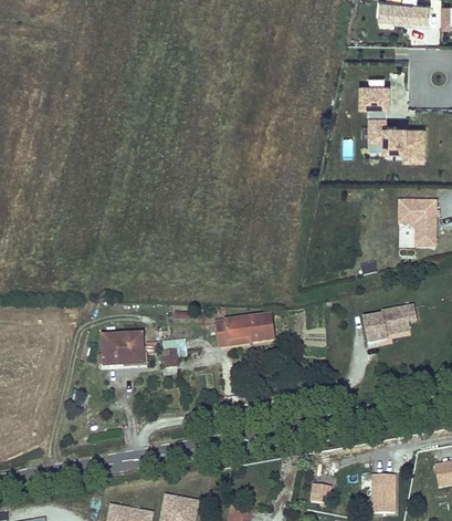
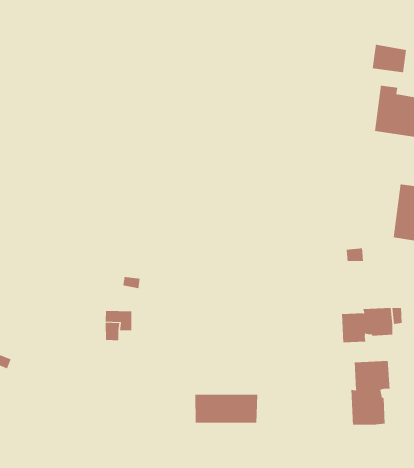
building: [217,314,273,345] -> [195,394,258,423]
building: [101,334,143,364] -> none
building: none -> [351,360,390,425]

